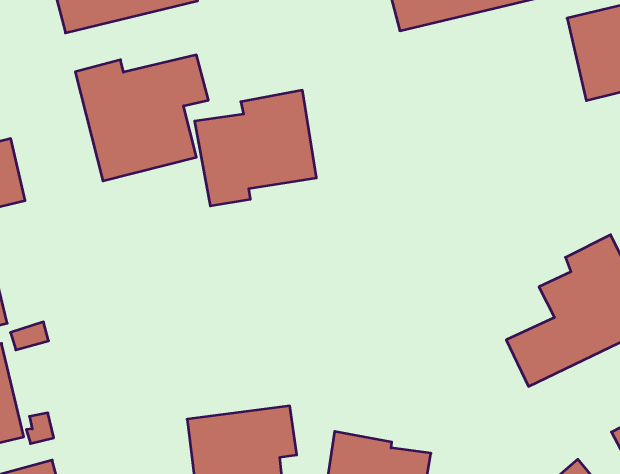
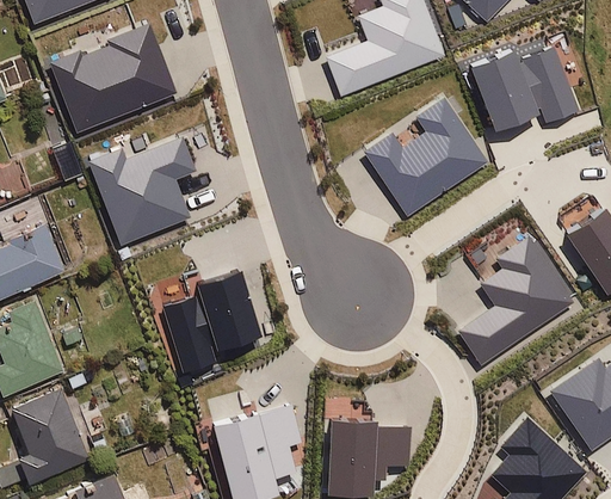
building: none -> [364,96,489,216]
building: [195,90,316,206] -> [162,270,265,371]

